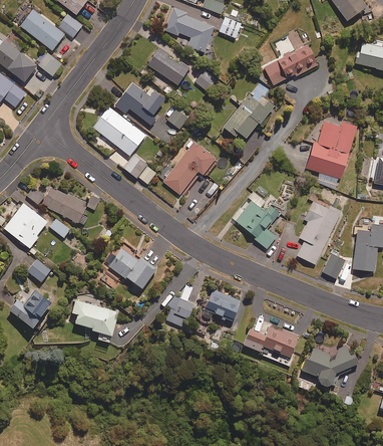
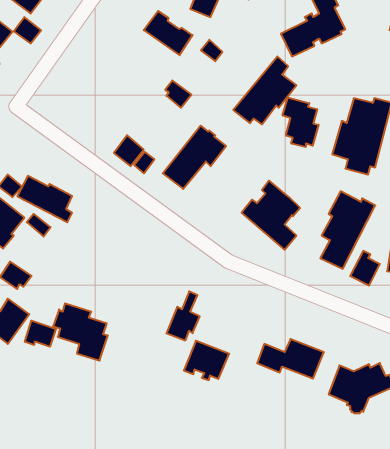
building: [114,81,165,125] -> none
building: [93,106,144,154] -> none
building: none -> [283,97,319,147]
building: [108,247,156,288] -> none
building: [204,288,242,321] -> [184,341,229,380]
building: none -> [25,321,56,347]

